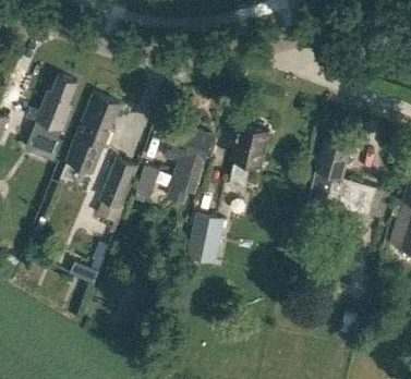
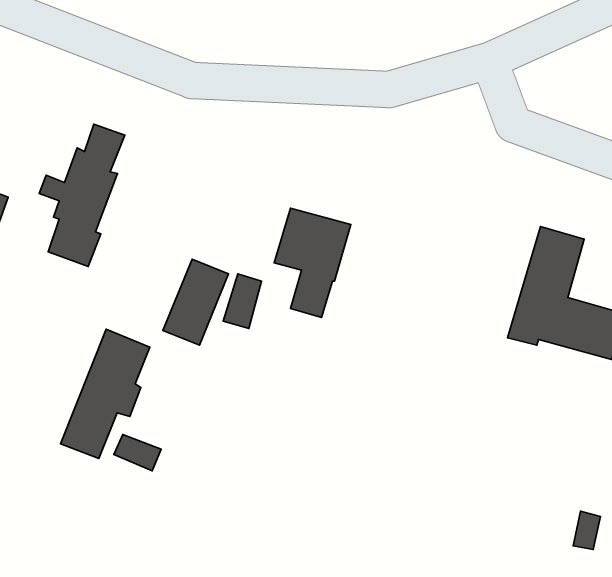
building: [67,96,120,173] -> [61,329,150,459]
building: [229,124,267,187] -> none
building: [186,215,225,264] -> none

